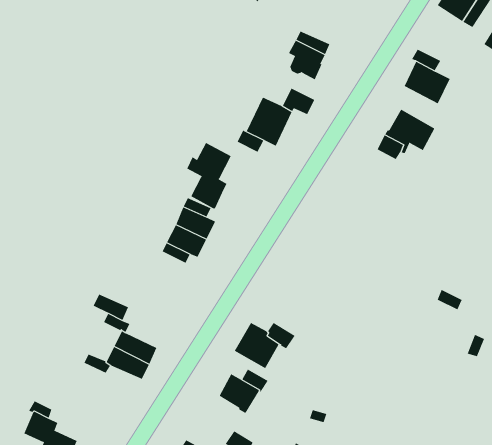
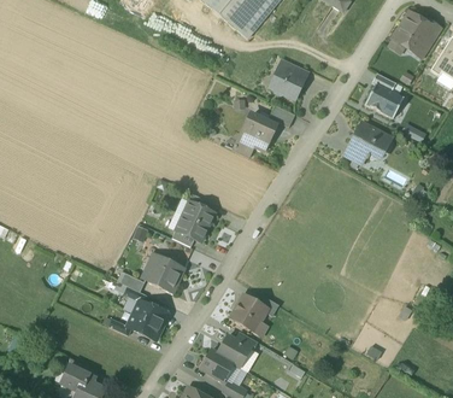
building: [187,142,231,209] -> none
building: none -> [142,253,183,292]
building: none -> [200,349,233,380]

